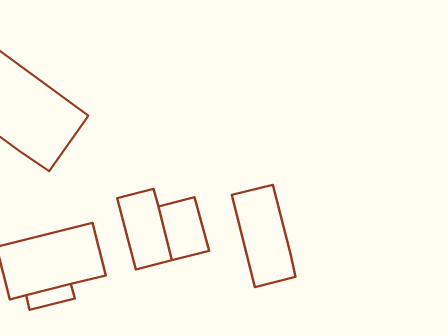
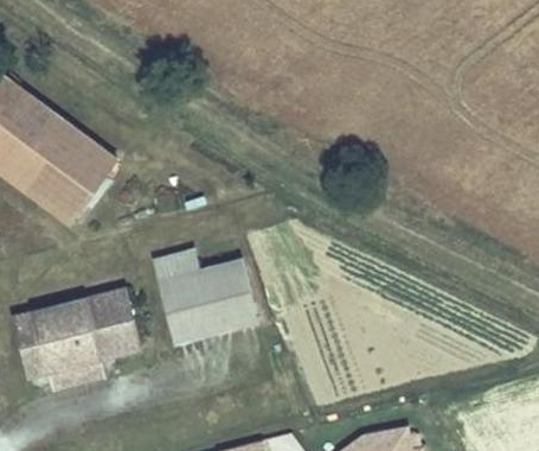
building: [232,185,295,287] -> none

